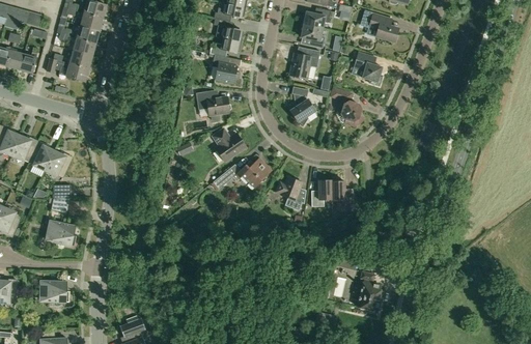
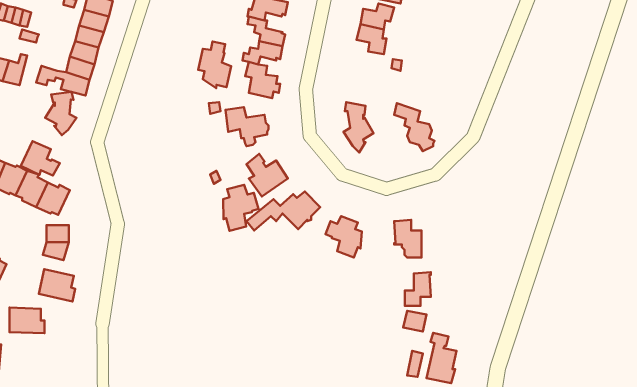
building: [368,12,398,41] -> none
building: none -> [198,42,231,88]
building: [291,48,320,79] -> none
building: [354,52,383,86] -> none
building: none -> [45,92,77,135]
building: none -> [21,141,60,175]
building: none -> [223,185,258,231]
building: [311,179,332,206] -> [405,272,431,306]
building: [40,281,68,302] -> [10,307,45,333]

